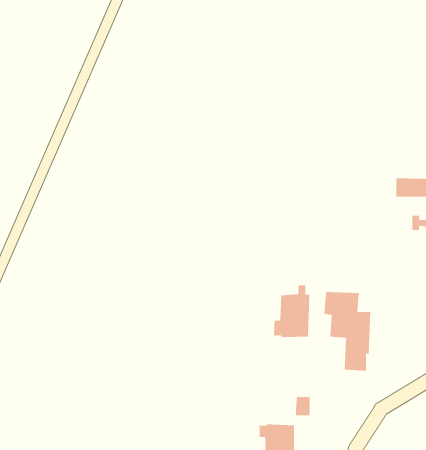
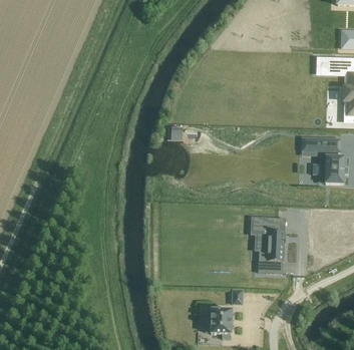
building: [273,285,310,338] -> none

